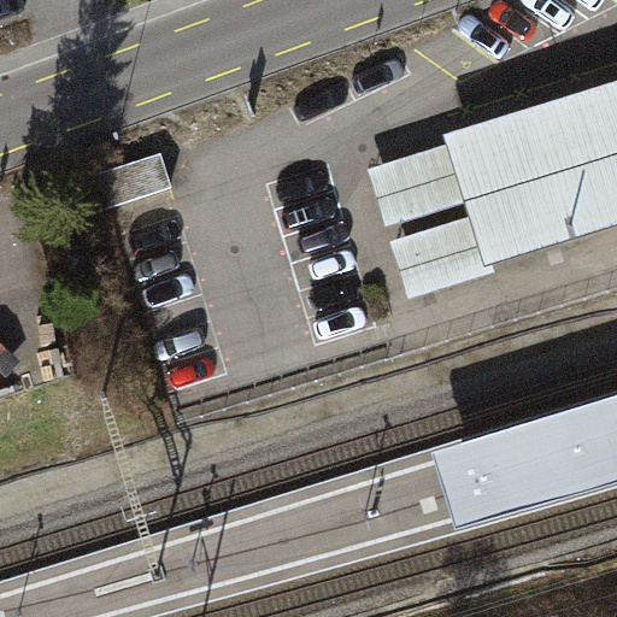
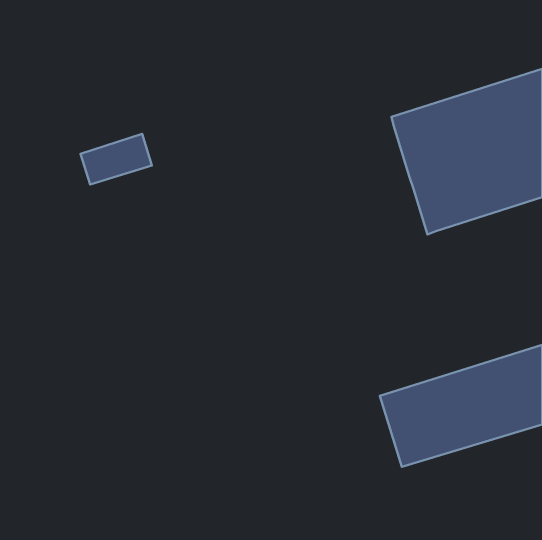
building: [369,142,465,225] -> none
building: [392,215,498,298] -> none

